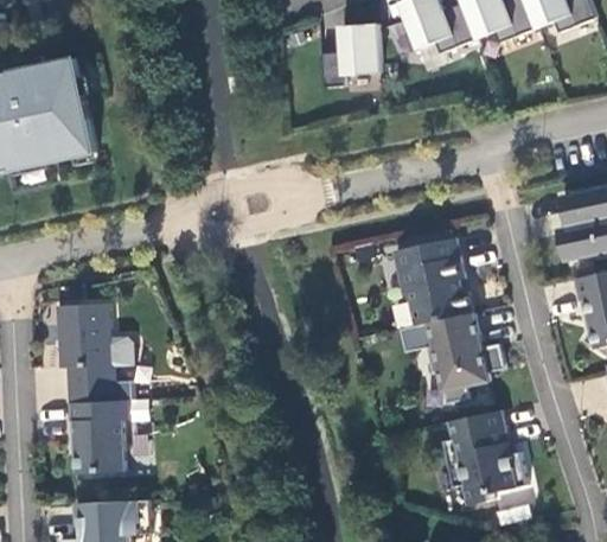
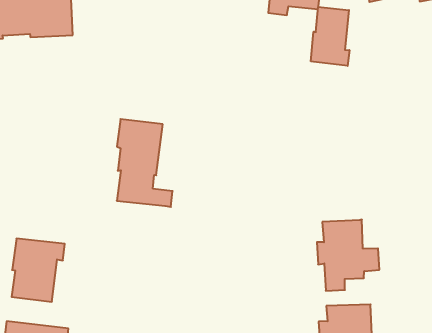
building: none -> [311,7,349,66]
building: [395,237,472,325] -> none
building: [58,304,135,403] -> [117,119,173,207]

